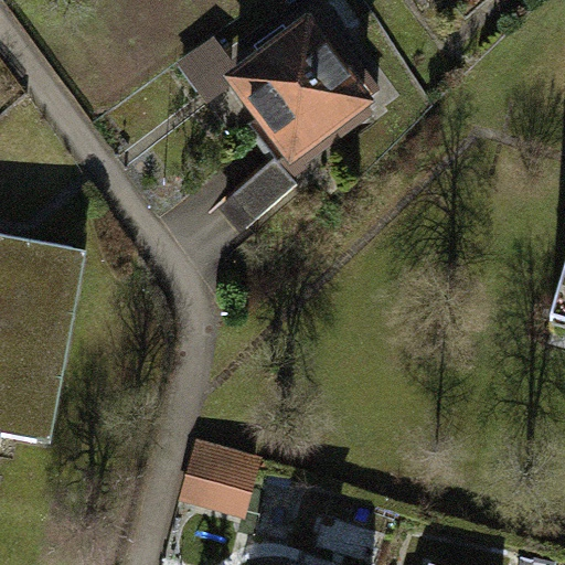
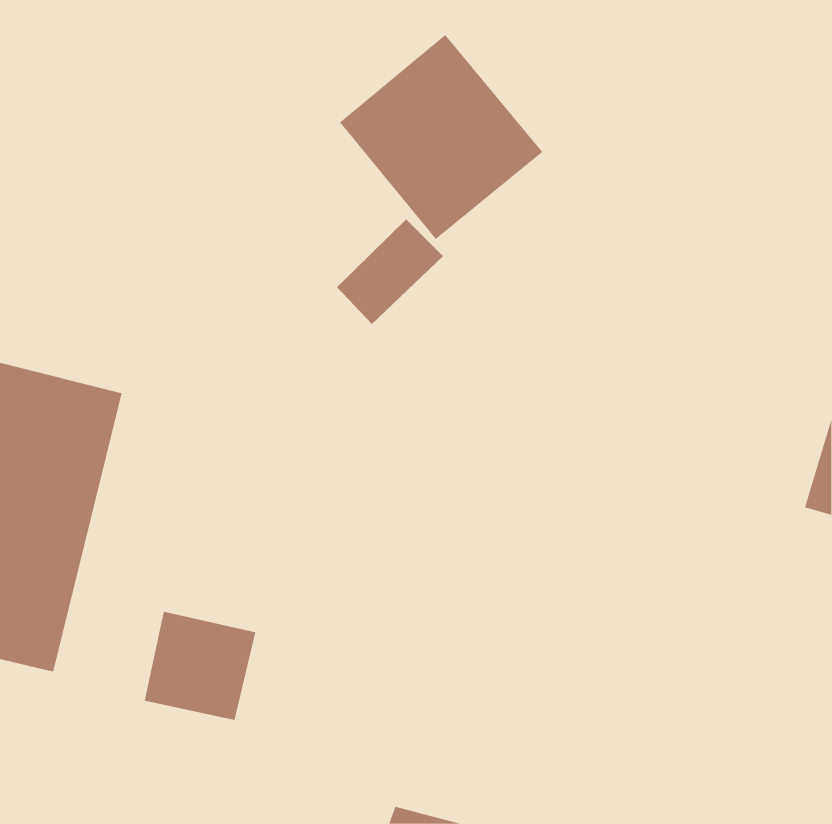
building: [191,434,267,508] -> [144,611,256,720]

